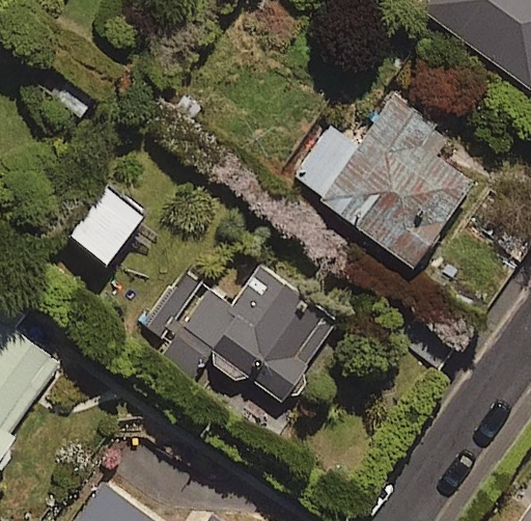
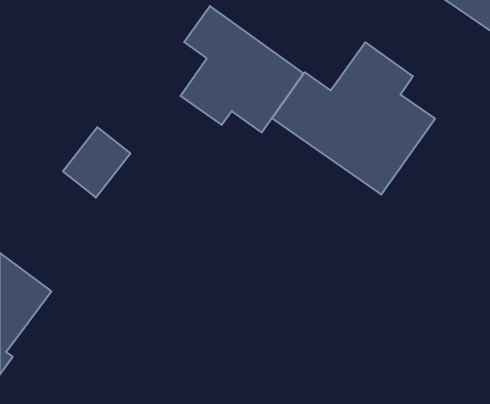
building: none -> [180,6,304,133]
building: [141,272,335,404] -> none

